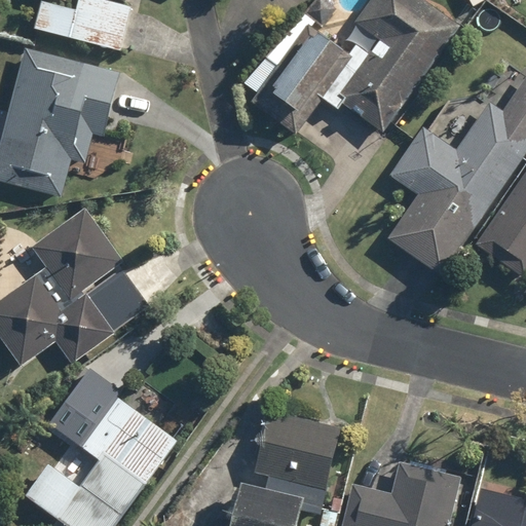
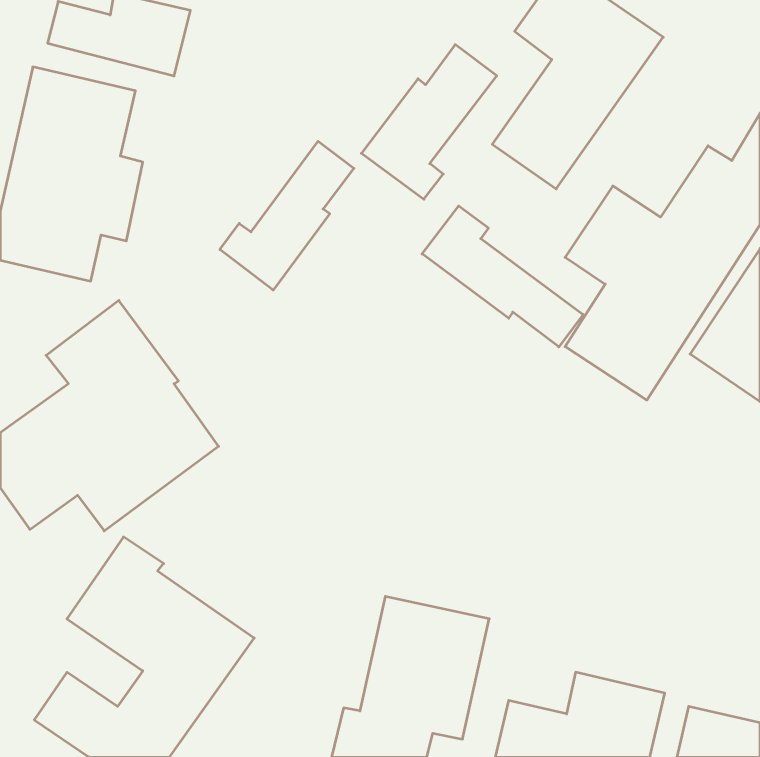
building: none -> [220,141,354,290]
building: none -> [422,206,583,347]

